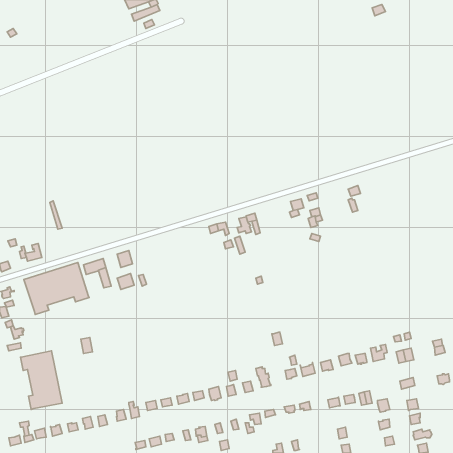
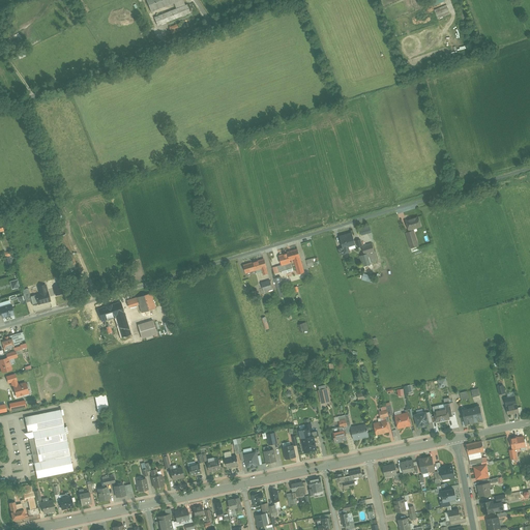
building: [24,262,89,315] -> none

